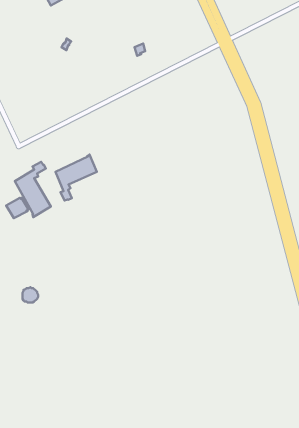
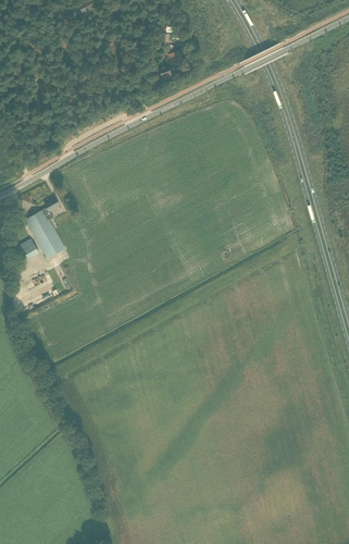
building: [55,154,97,201] -> none

